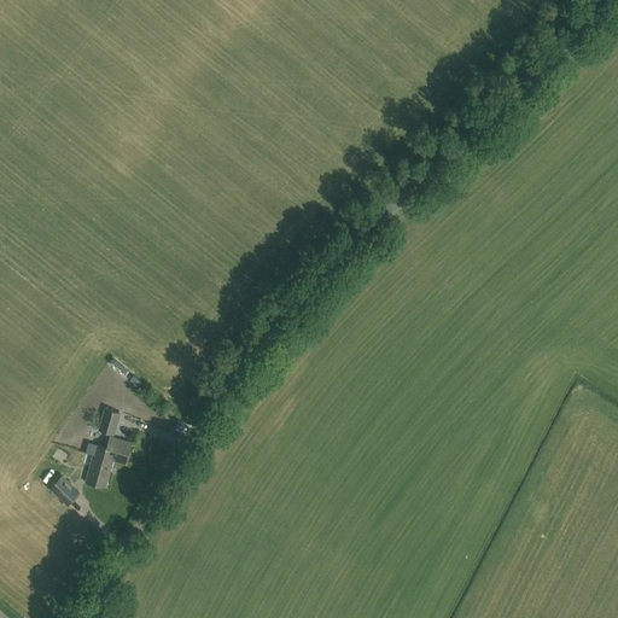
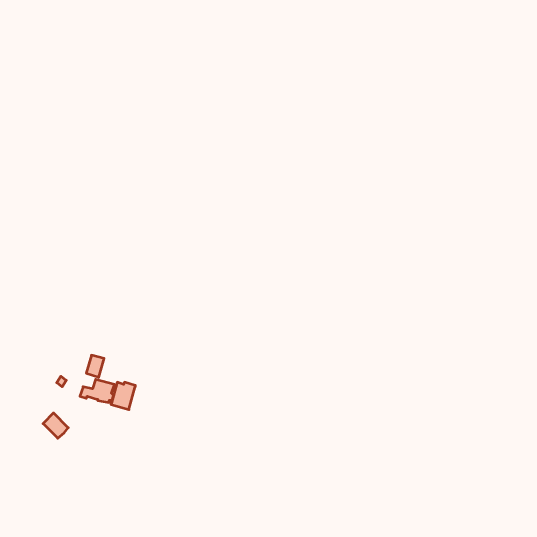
building: [84,455,112,486] -> [111,382,135,410]

